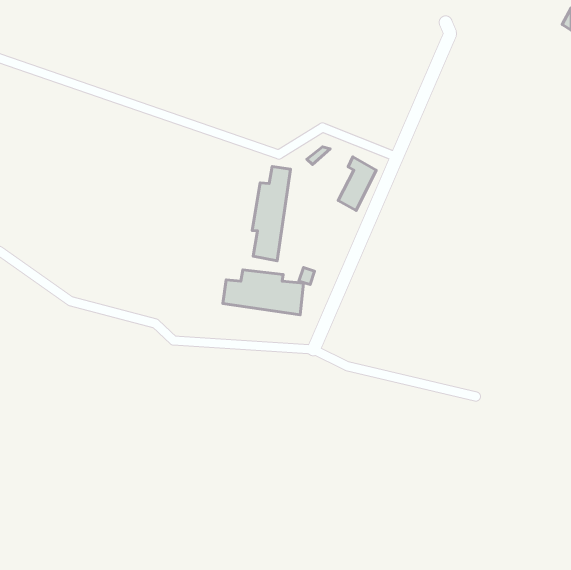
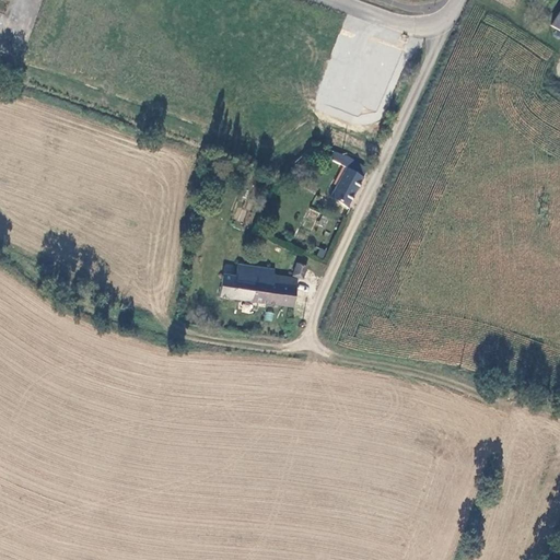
building: [252,166,290,261] -> none

